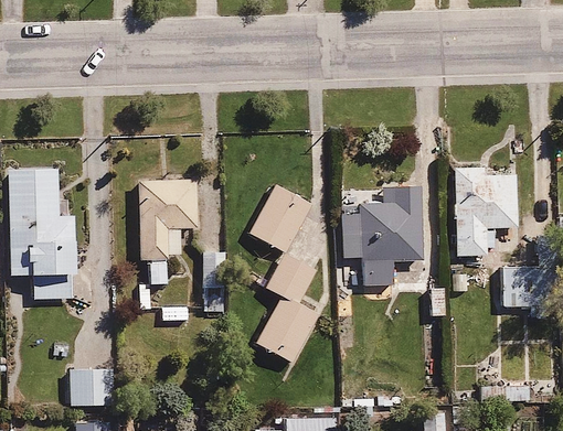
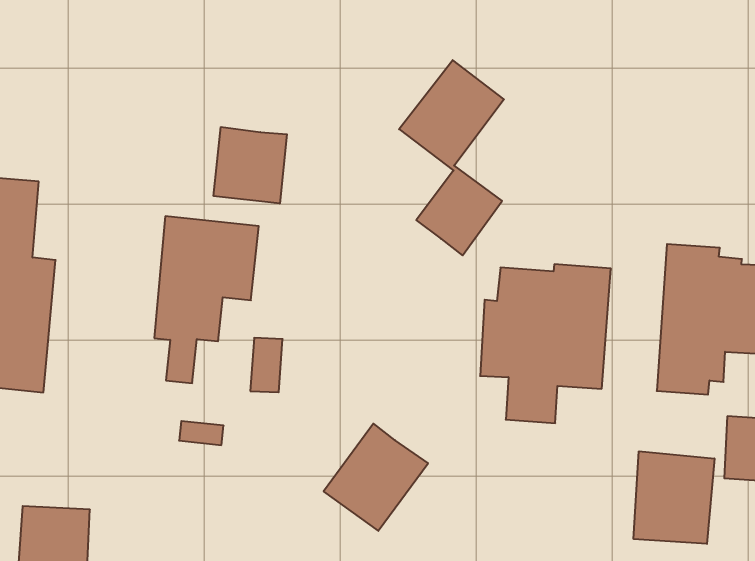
building: none -> [214,127,287,204]
building: [248,185,317,305] -> [399,60,504,255]
building: none -> [634,451,714,544]

